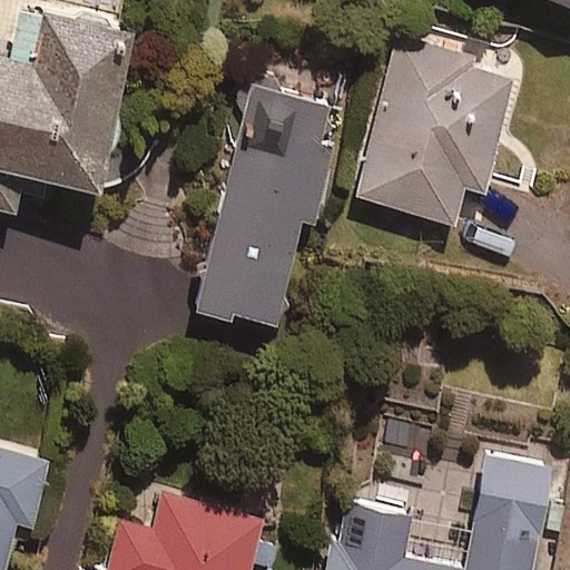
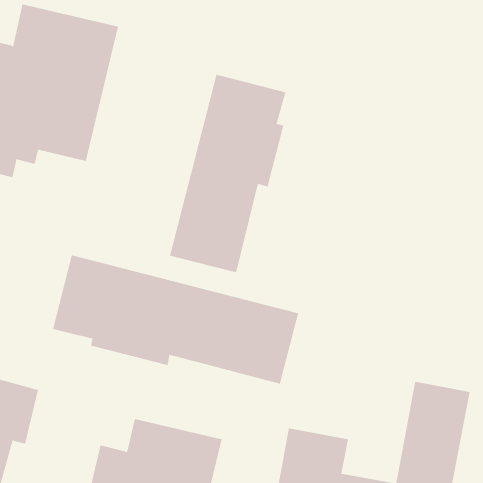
building: [356,39,514,223] -> none
building: none -> [52,255,299,385]

